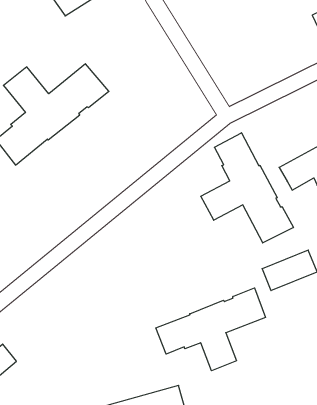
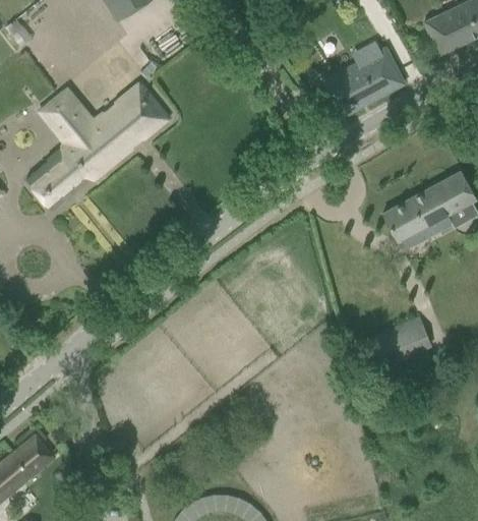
building: none -> [326,50,404,115]
building: [201,133,293,243] -> none
building: [156,288,265,371] -> none

